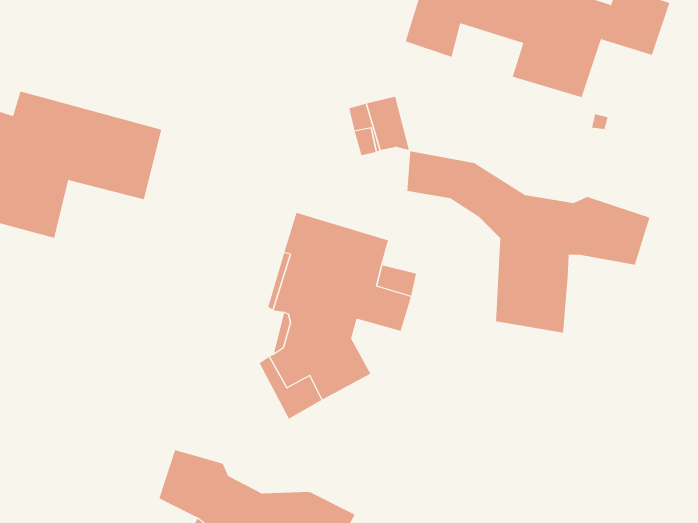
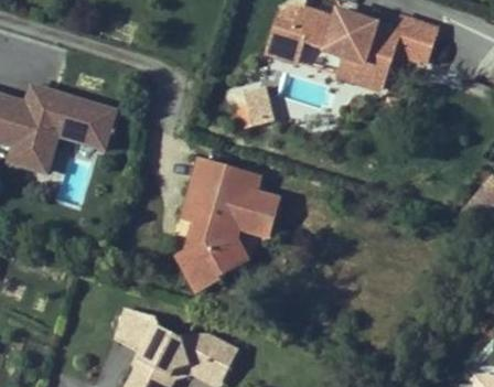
building: [407,151,650,334] -> none

